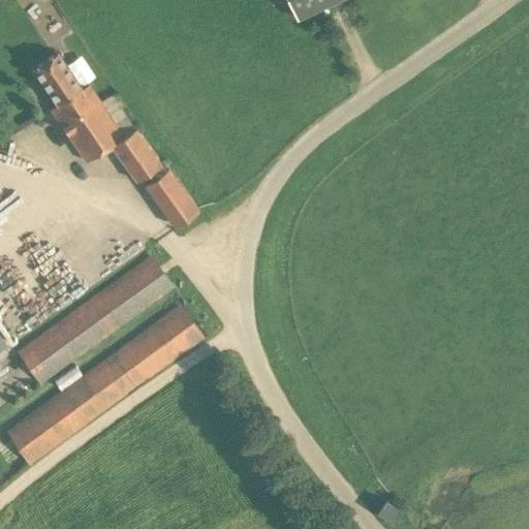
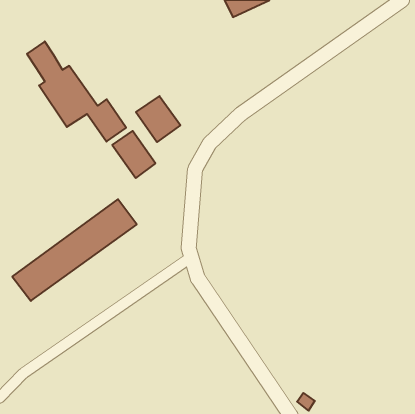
building: none -> [136,96,180,142]
building: [8,304,204,464] -> none

